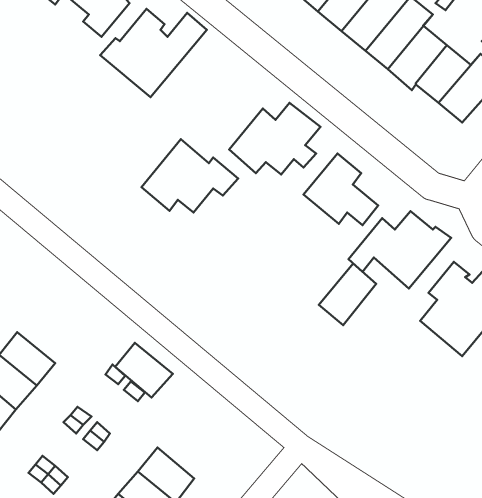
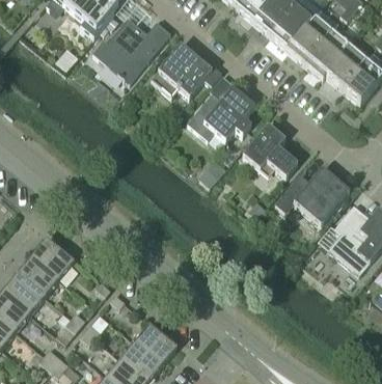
building: [141,139,238,212] -> [151,43,222,97]
building: [319,263,376,325] -> none
building: none -> [30,238,74,279]
building: [115,343,173,398] -> [134,324,176,364]

